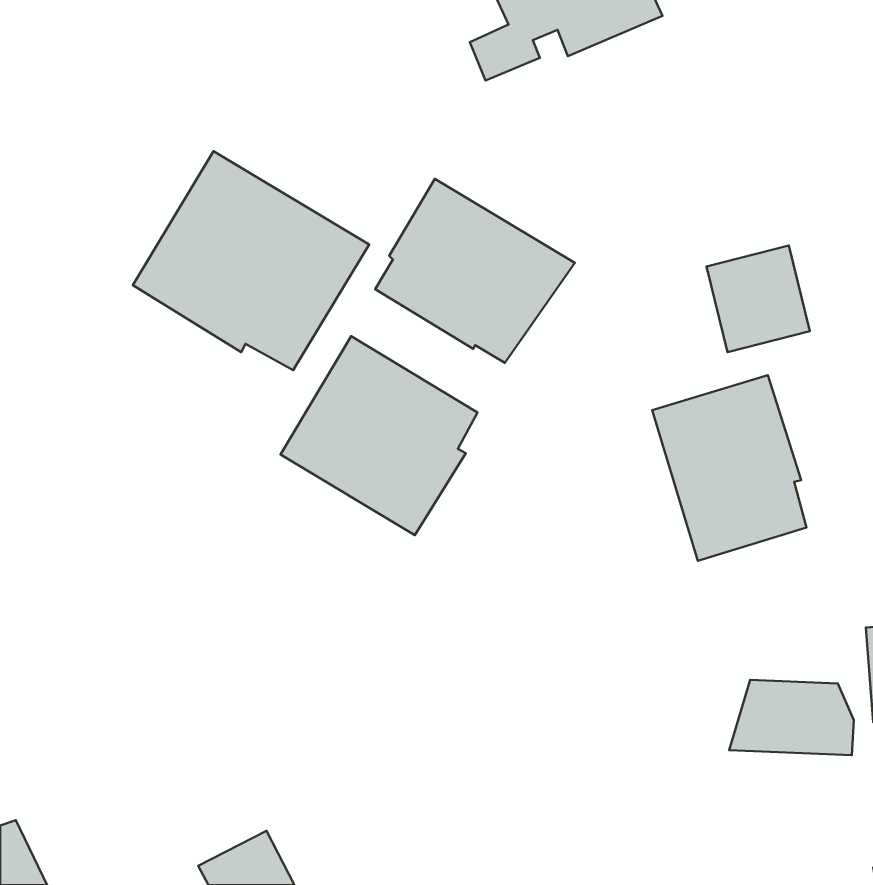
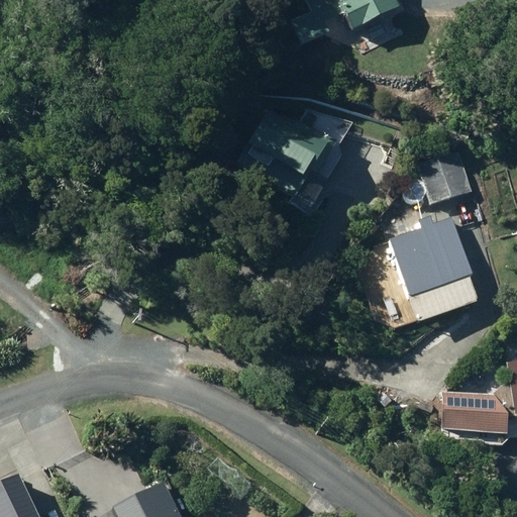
building: [133,151,369,370] -> none
building: [280,336,477,535] -> none

